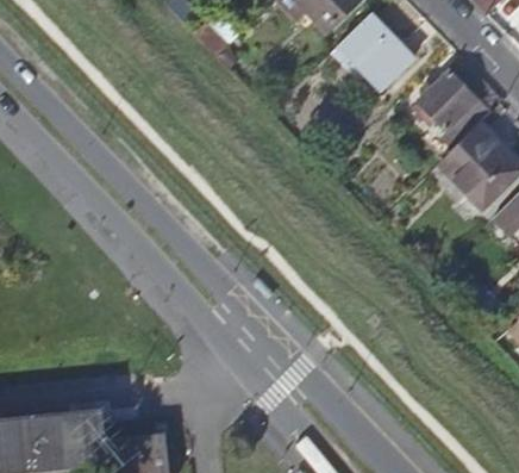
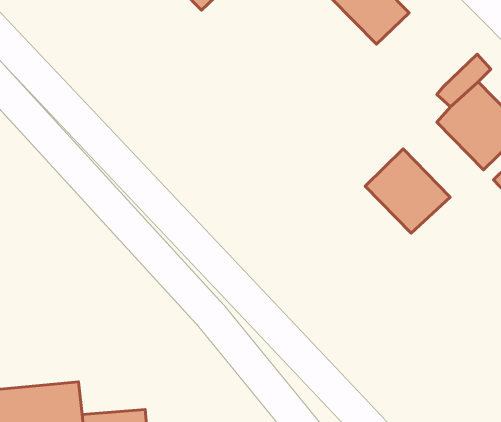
building: [415,70,479,129] -> none
building: none -> [365,149,450,233]

